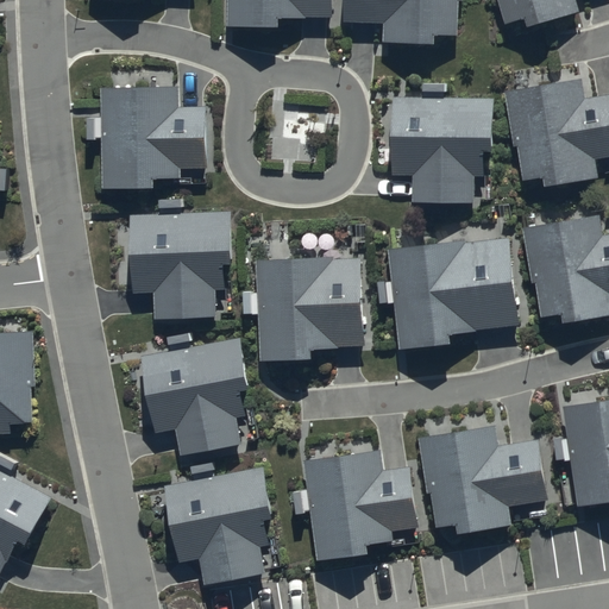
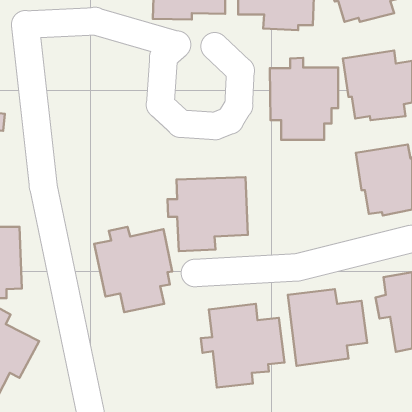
building: [89,82,205,188] -> none
building: [131,200,232,321] -> none
building: [381,234,514,354] -> none
building: [164,460,276,586] -> none

